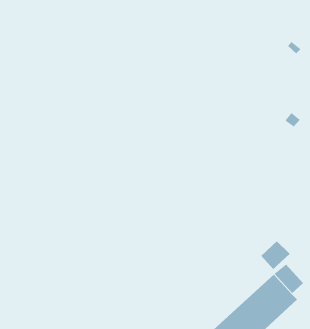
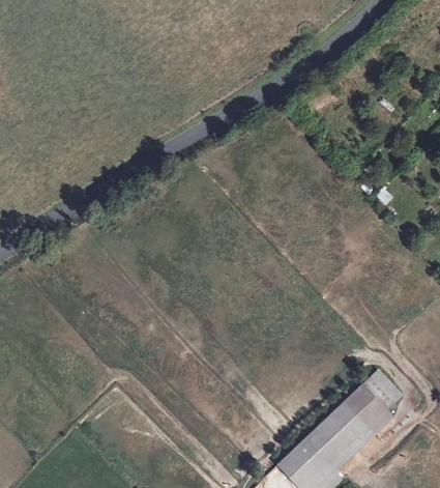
building: [260,241,291,270] -> none

